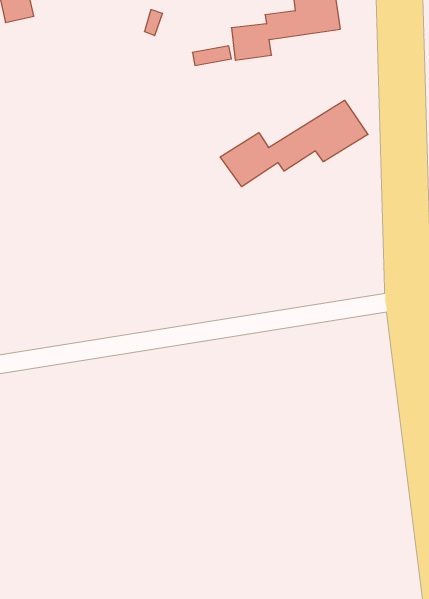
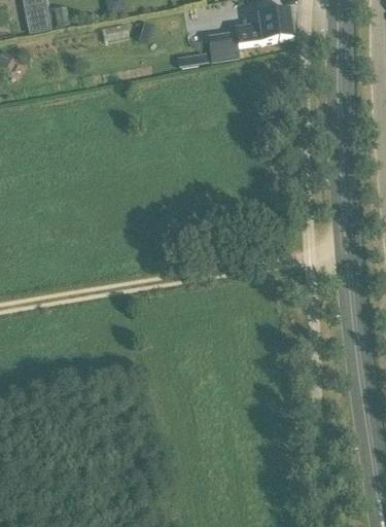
building: [220,100,368,187] -> none

